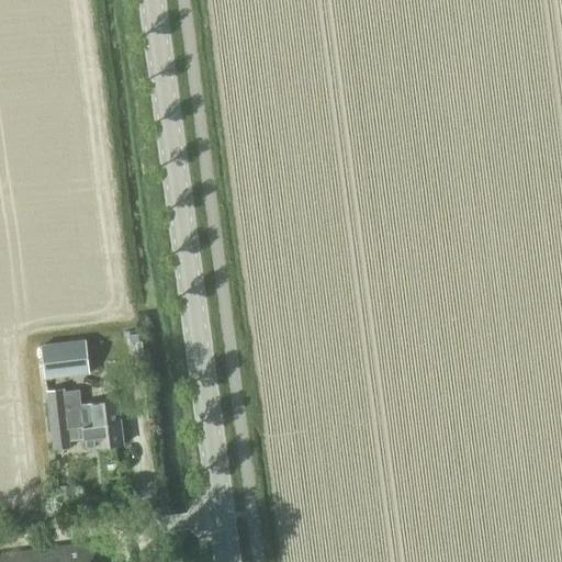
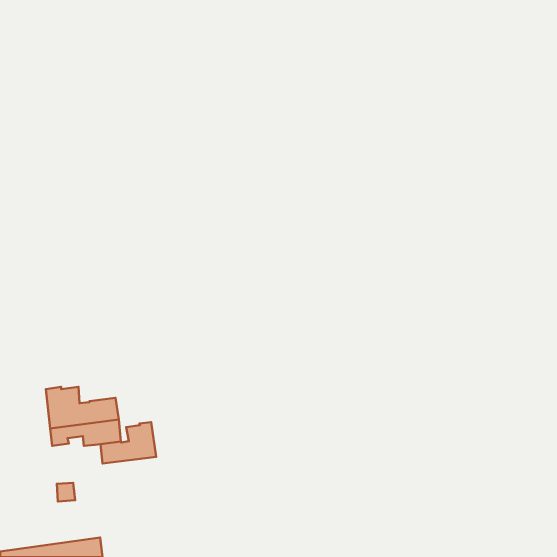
building: [41,340,89,378] -> none
building: none -> [101,422,156,463]

